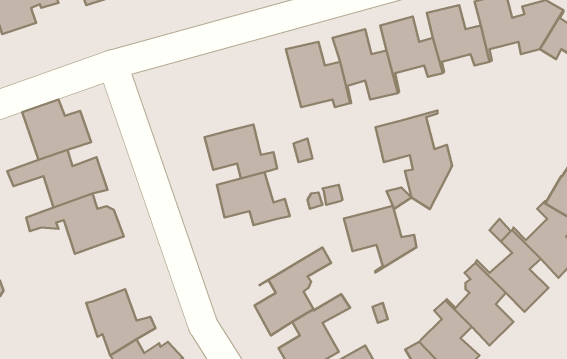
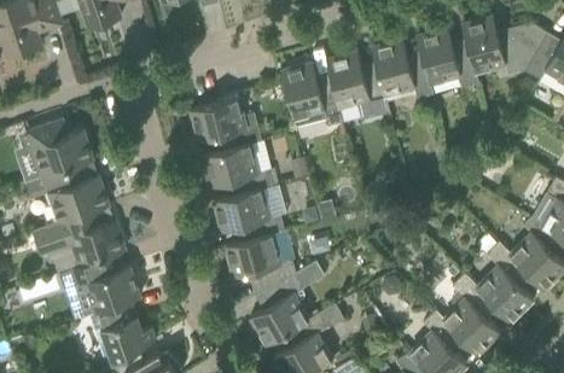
building: none -> [190,99,261,150]
building: [375,111,452,209] -> none
building: [344,206,417,272] -> [225,234,295,298]
building: none -> [57,260,140,314]

